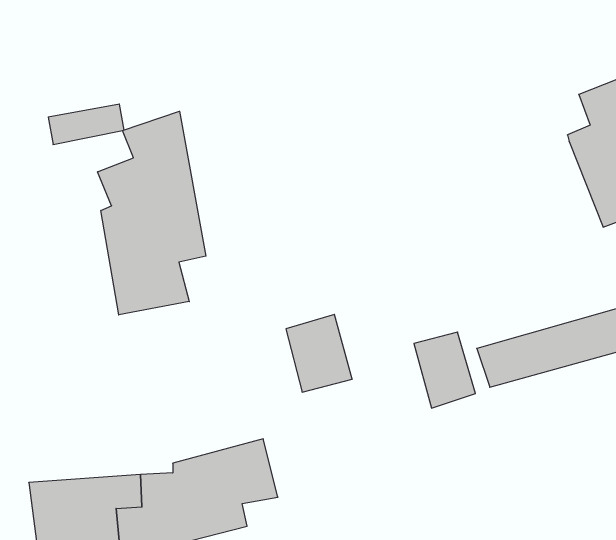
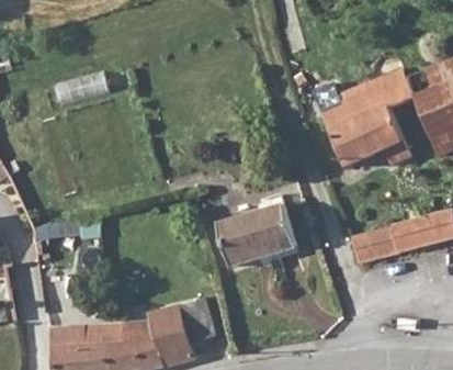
building: none -> [324,70,412,164]
building: [98,111,206,315] -> none
building: [414,332,475,408] -> [253,206,295,258]

